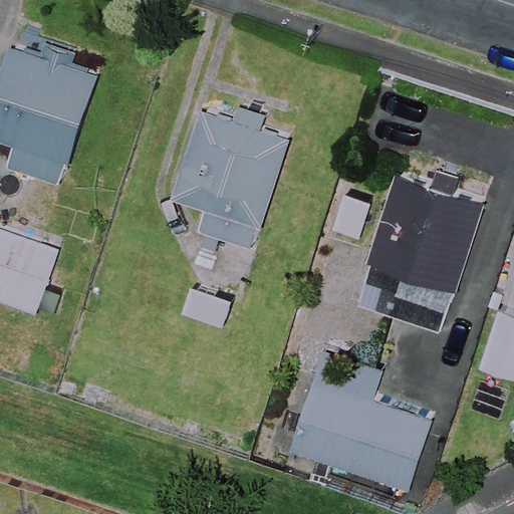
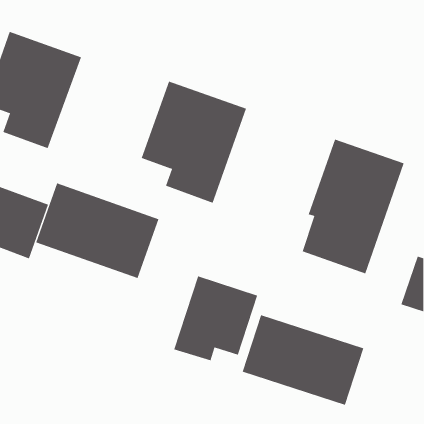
building: none -> [35,183,159,279]
building: none -> [174,276,258,361]

